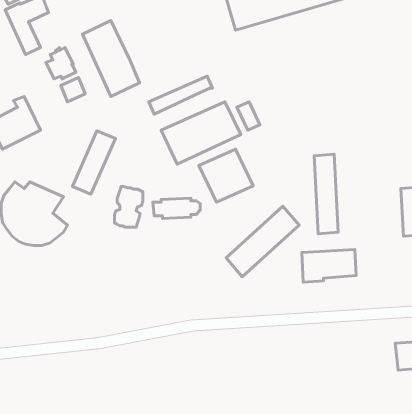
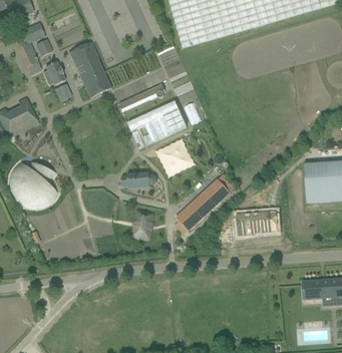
building: [72,131,115,194] -> none
building: [314,154,338,234] -> none
building: [114,186,143,227] -> [132,208,153,238]

